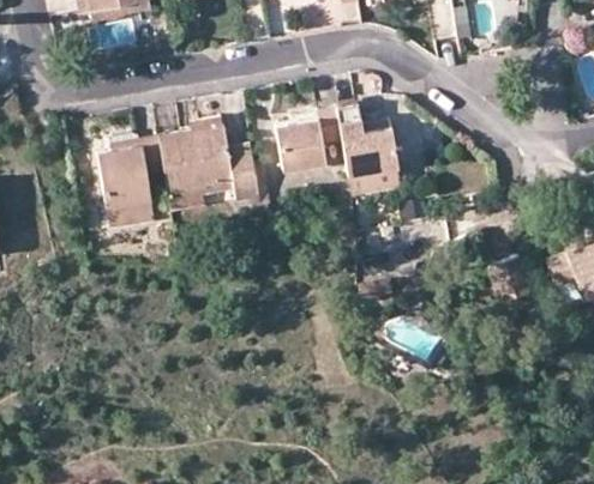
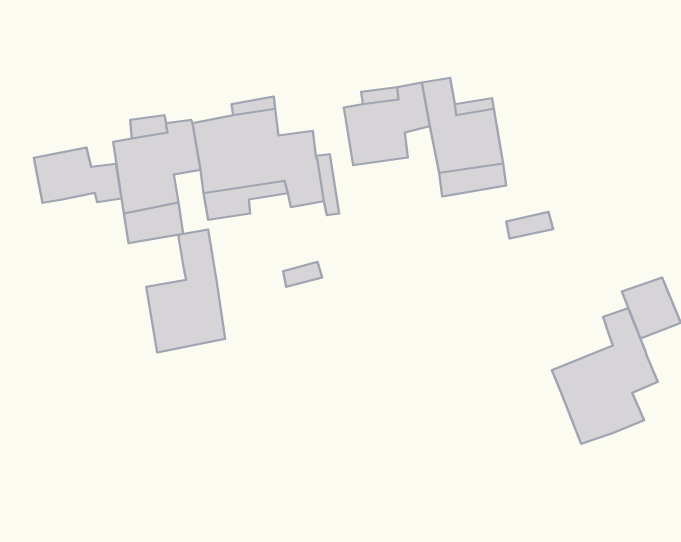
building: none -> [34,147,122,203]
building: none -> [146,229,225,352]
building: none -> [552,308,658,444]

